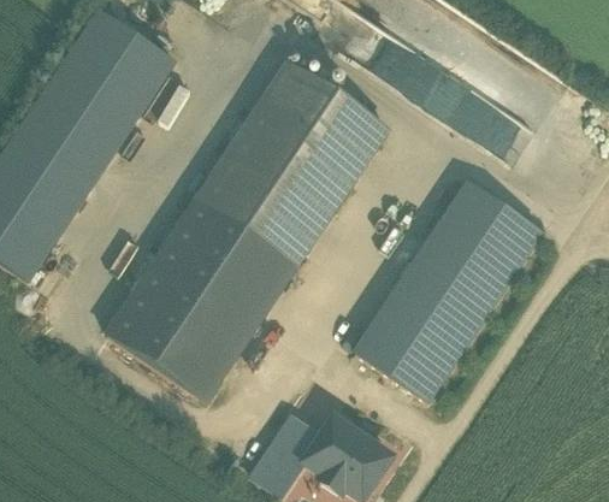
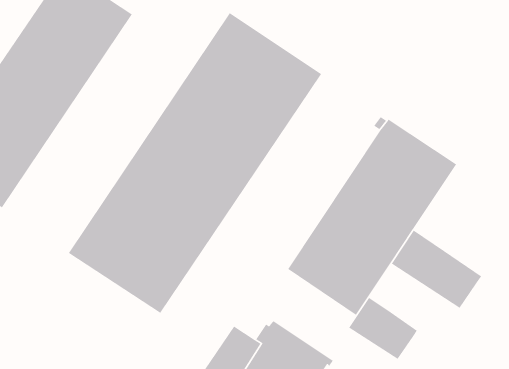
building: none -> [391,230,482,309]
building: none -> [348,297,418,360]

